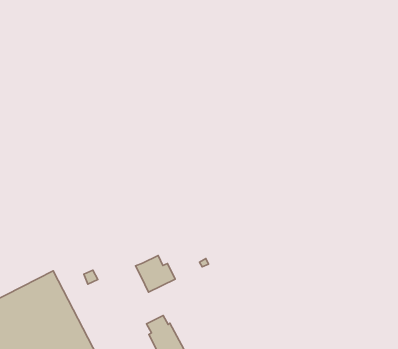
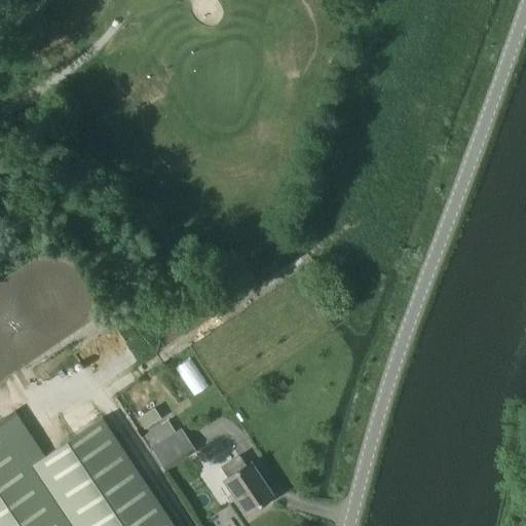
building: [135,256,175,292] -> [143,421,192,466]

